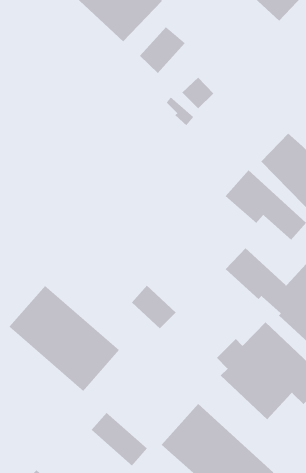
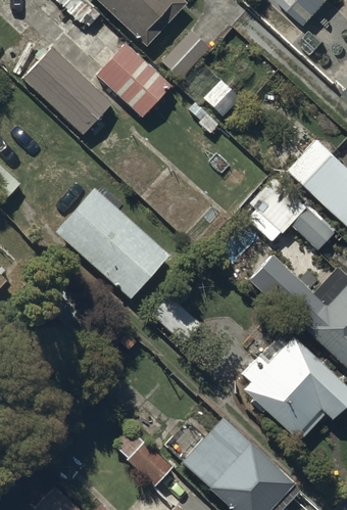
building: none -> [96,43,170,117]
building: none -> [23,48,111,134]
building: [8,285,120,392] -> [56,189,171,299]

